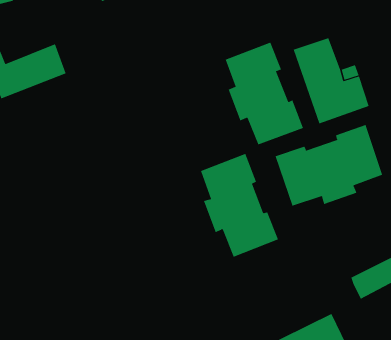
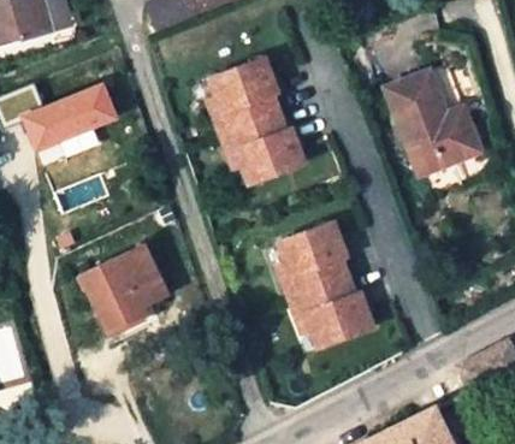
building: [225,42,304,145] -> [208,57,303,182]
building: [275,124,383,207] -> none
building: none -> [75,237,165,327]

